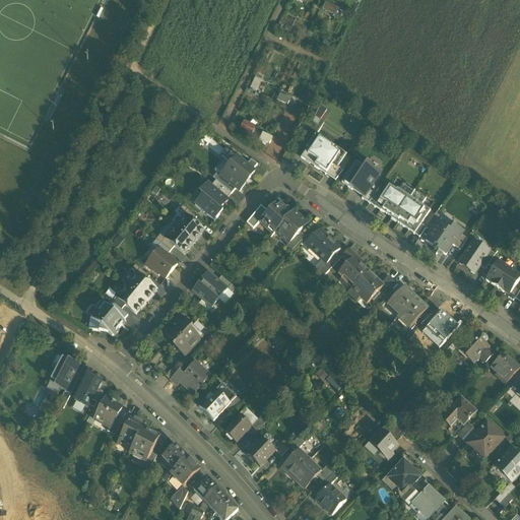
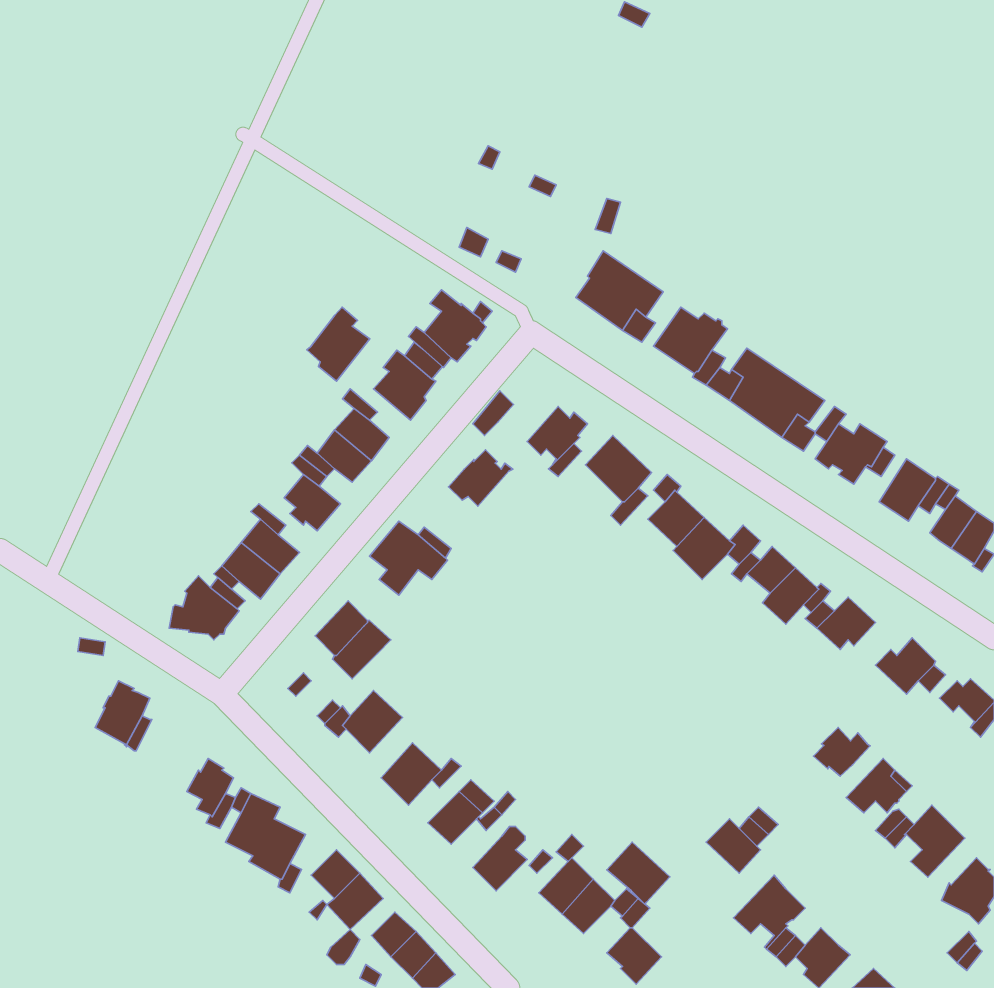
building: none -> [307,307,370,381]
building: [260,201,294,231] -> [449,450,513,506]
building: [74,374,101,405] -> none
building: none -> [814,727,870,776]
building: none -> [607,842,670,904]

